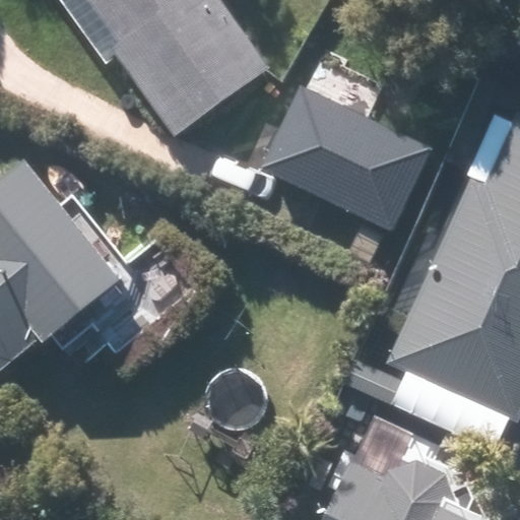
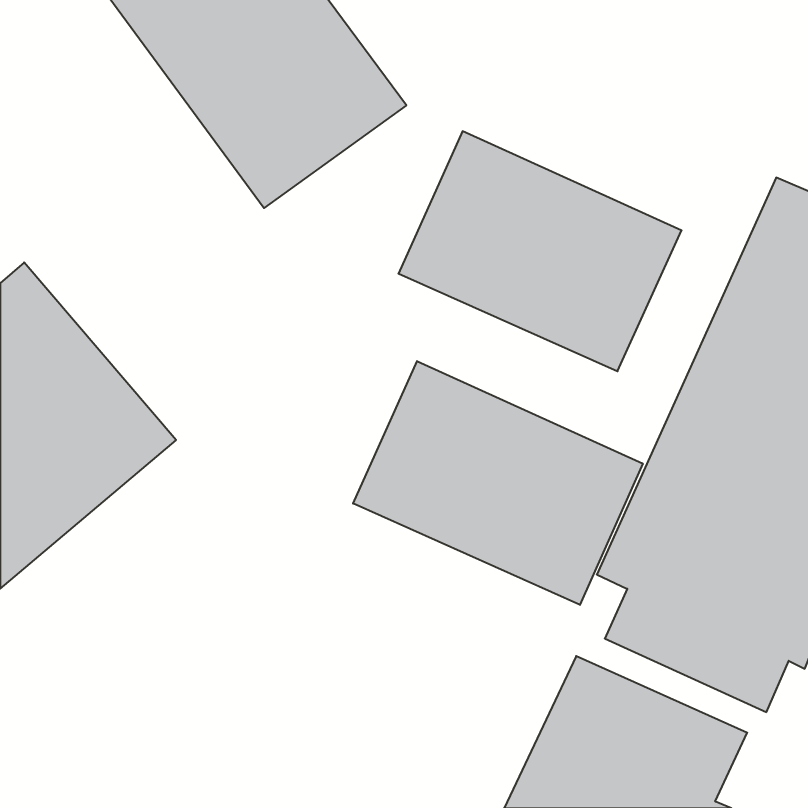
building: none -> [353,361,643,605]

